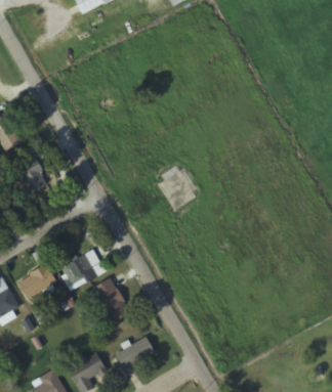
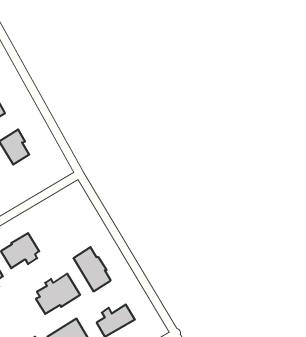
building: [60,249,106,290] -> [36,274,80,314]

